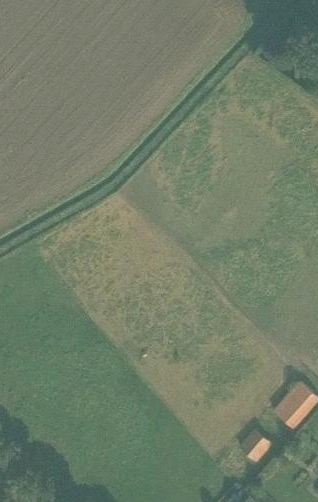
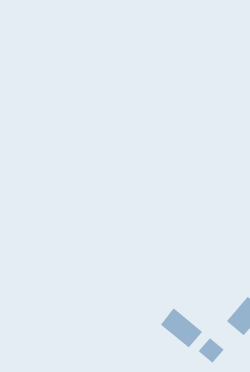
building: none -> [160,307,203,349]

